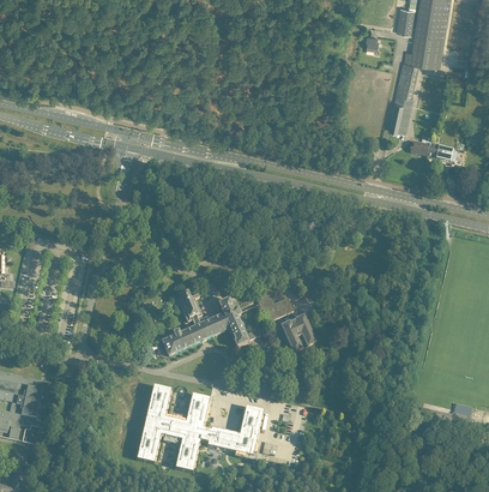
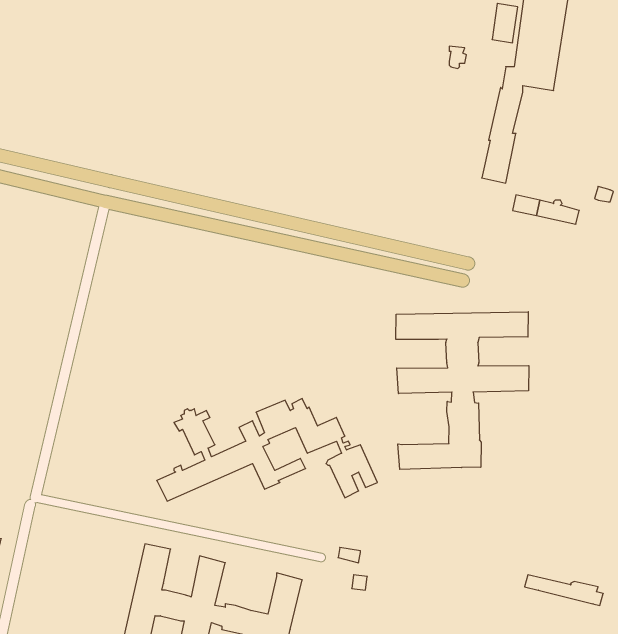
building: none -> [396,312,529,469]

